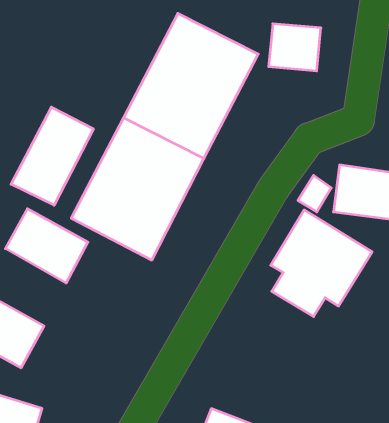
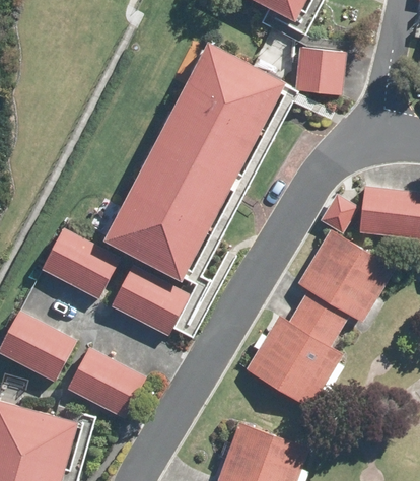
building: [11,107,93,205] -> none
building: none -> [114,266,192,337]
building: none -> [248,308,344,409]
building: none -> [68,349,147,419]

